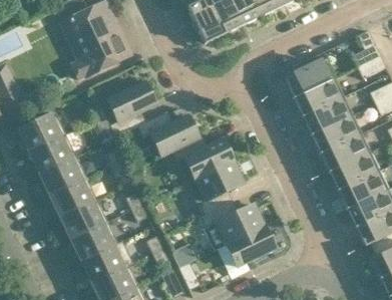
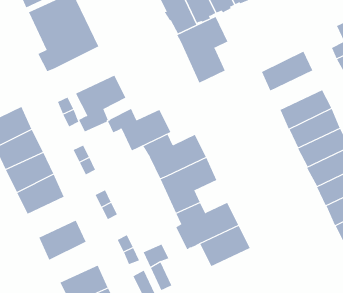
building: none -> [177,16,228,83]
building: [293,78,344,116] -> none
building: [60,200,107,239] -> none
building: [81,241,132,282] -> none

